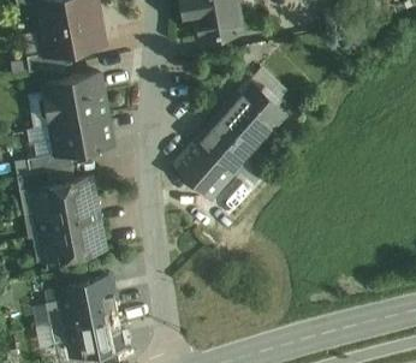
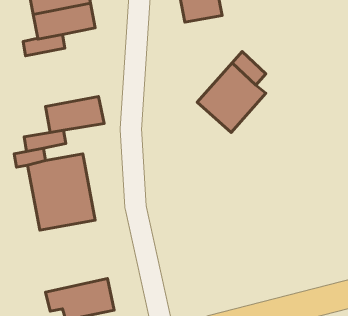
building: [43,75,108,127] -> none
building: [174,123,250,201] -> none
building: [48,278,118,326] -> none

